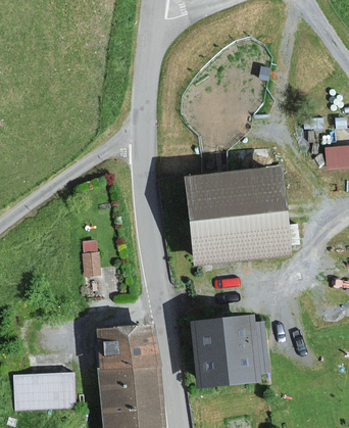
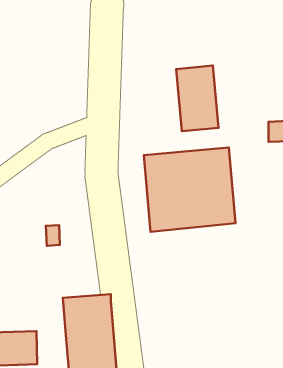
building: none -> [176,66,218,131]
building: [194,317,258,385] -> none

